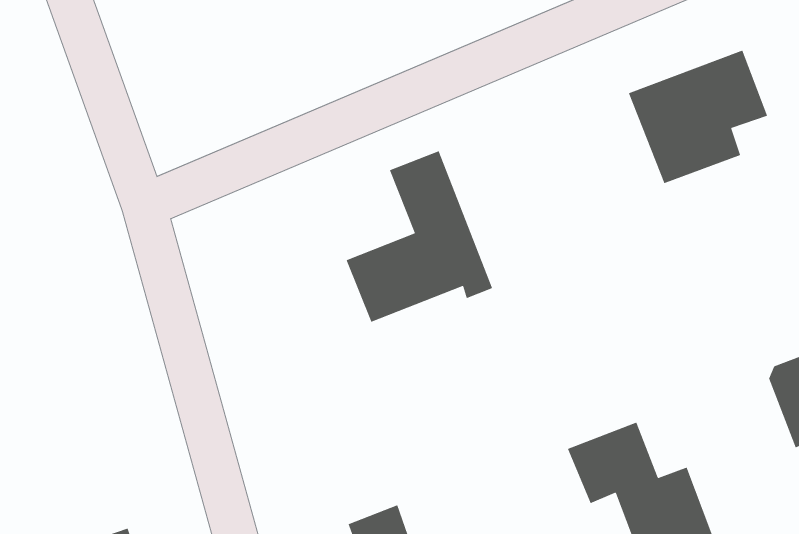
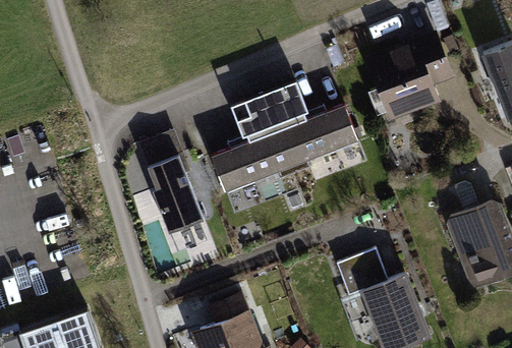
building: none -> [264,83,357,173]
building: none -> [148,155,203,233]

